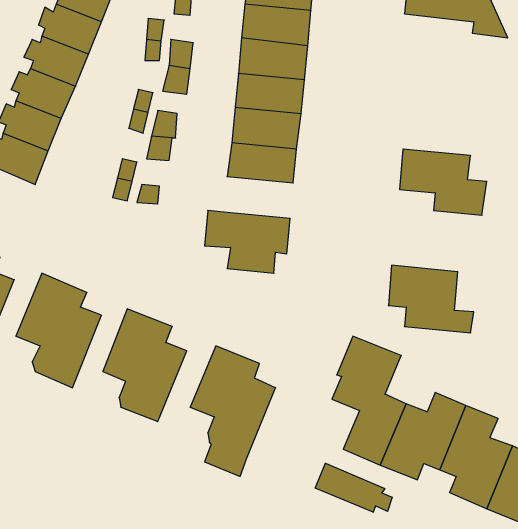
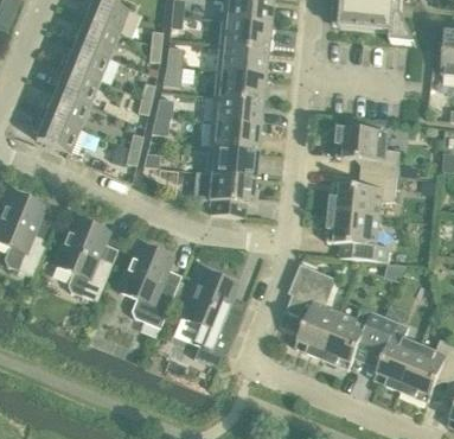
building: none -> [206,145,257,176]
building: none -> [330,170,396,215]
building: [315,463,392,512] -> none

